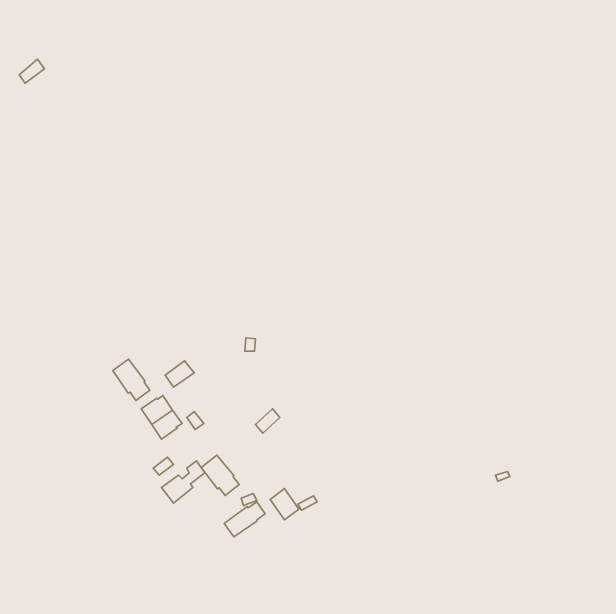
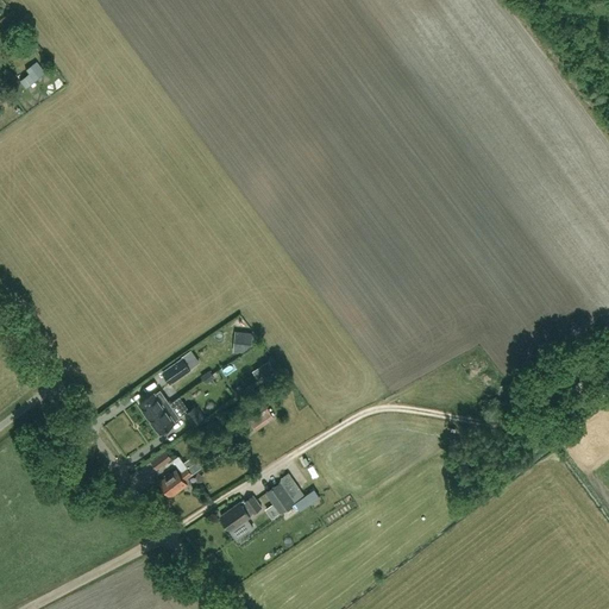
building: [113,359,150,400] -> none
building: [201,455,239,496] -> none

